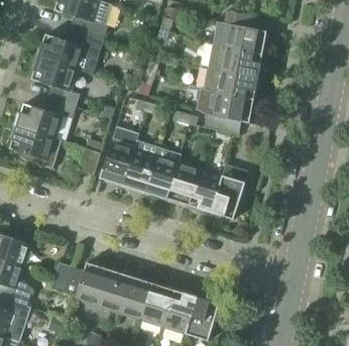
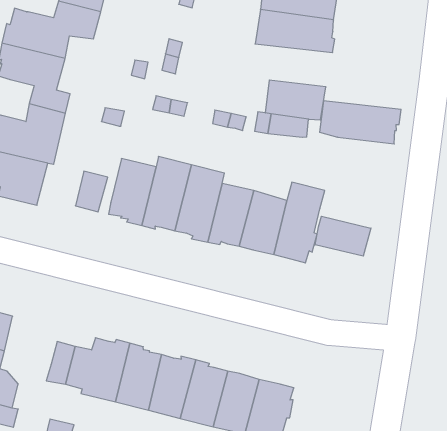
building: [203,68,259,100] -> [320,101,401,144]
building: none -> [315,216,371,256]

